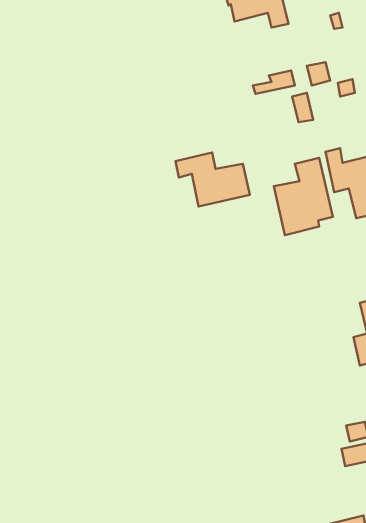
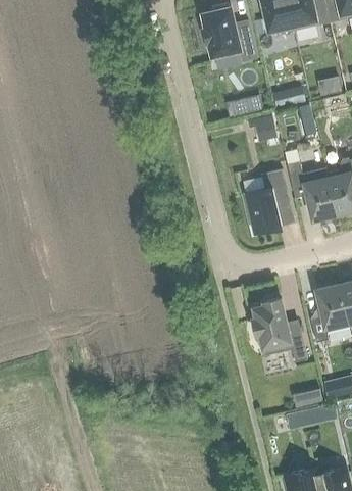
building: [175,152,250,207] -> none
building: none -> [252,298,307,361]

